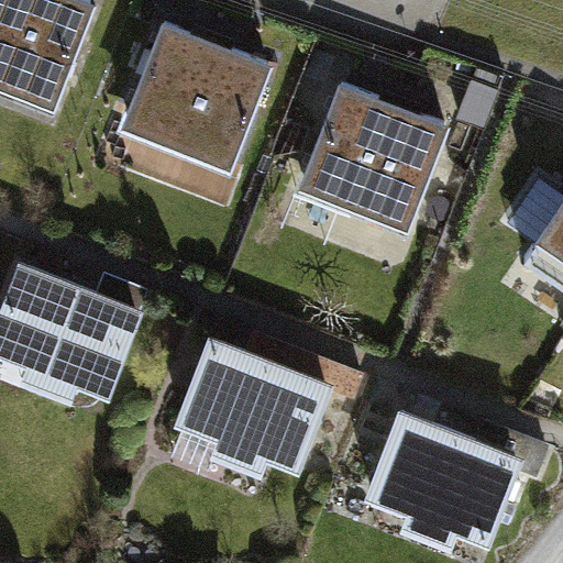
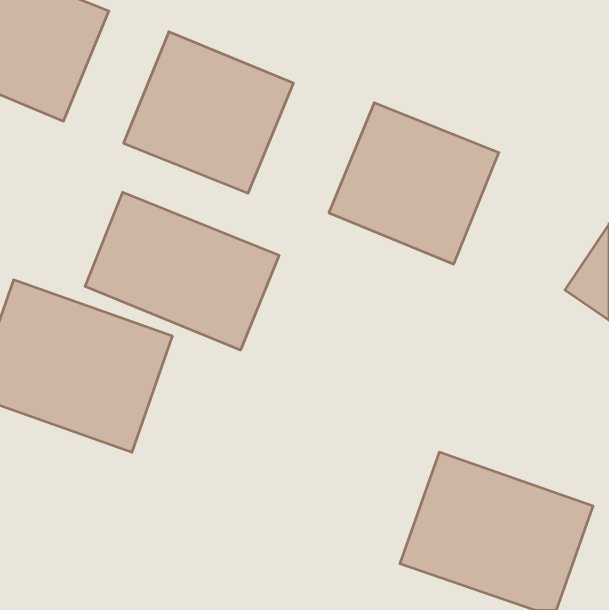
building: none -> [85,192,279,350]
building: [167,336,344,482] -> none

